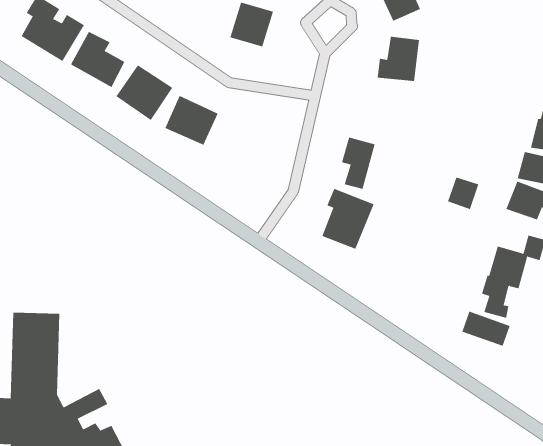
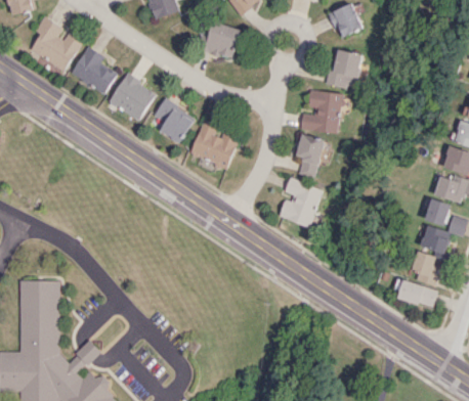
building: none -> [300,89,345,133]
building: none -> [188,120,238,168]
building: [447,177,479,210] -> [424,198,451,226]

